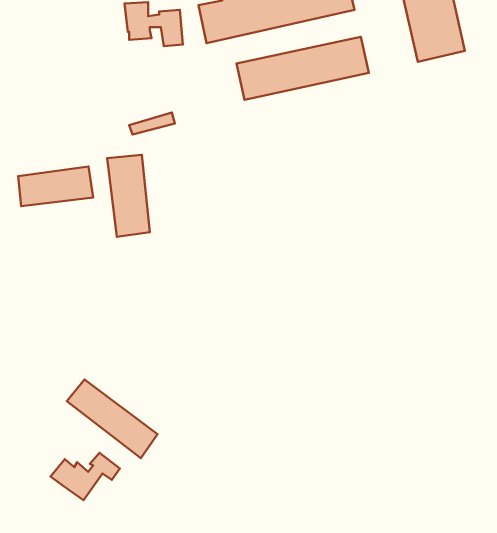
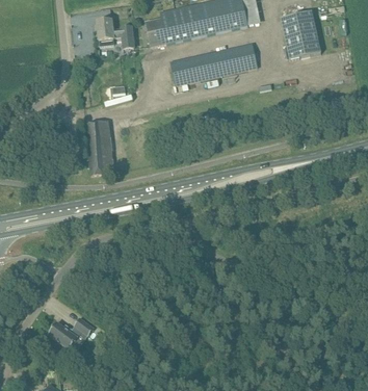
building: [18,166,93,206] -> none
building: [67,380,158,458] -> none

